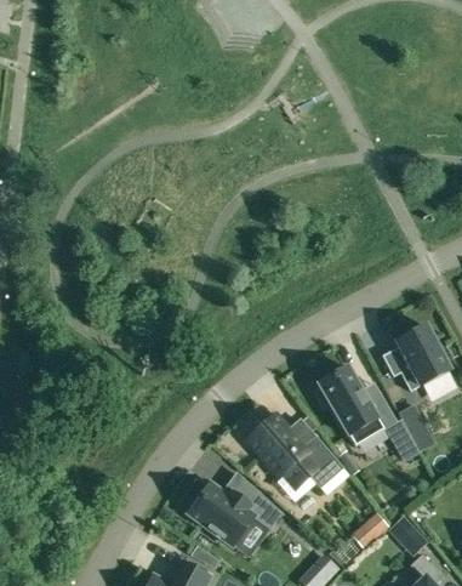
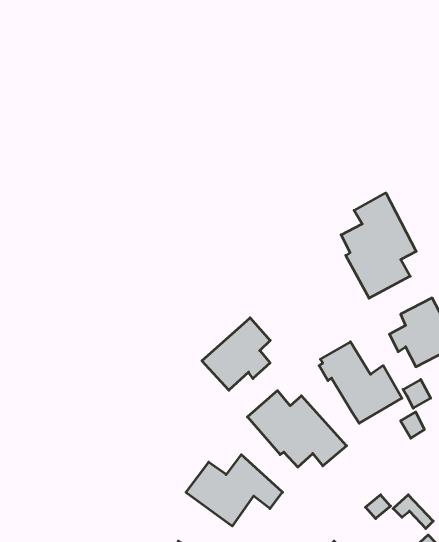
building: none -> [341,193,416,298]
building: none -> [202,318,270,390]

